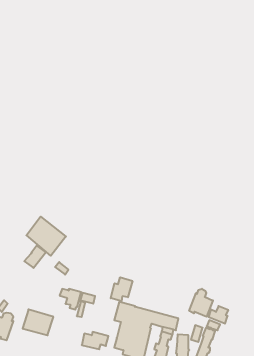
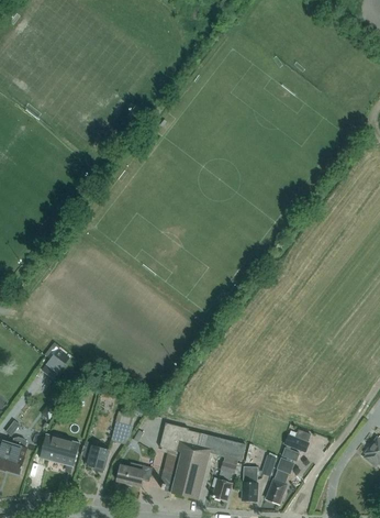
building: [26,217,66,256] -> none
building: [111,277,132,301] -> none
building: [189,289,213,317] -> none
building: [60,289,81,310] -> [80,447,109,474]

